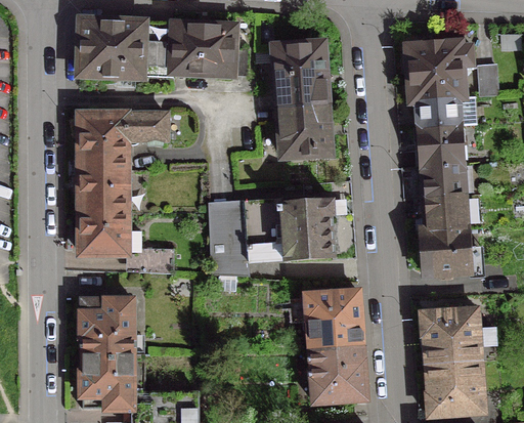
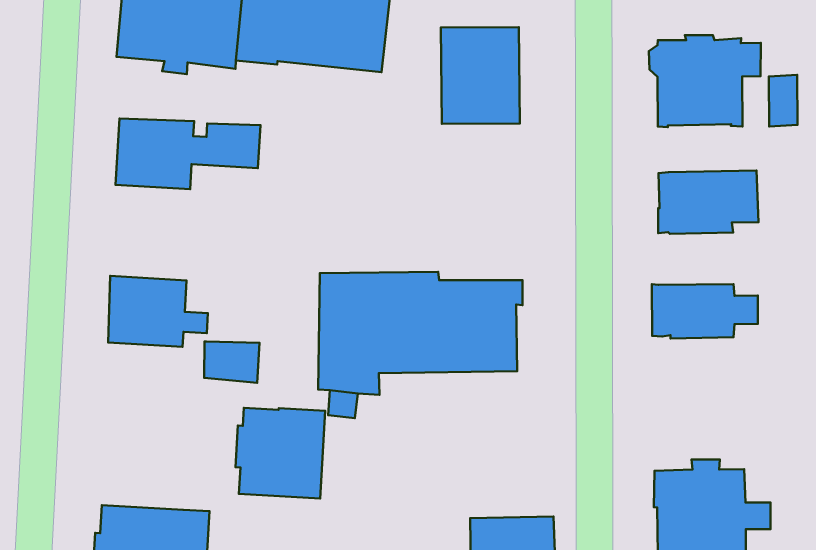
building: [417,96,477,128] -> none
building: [277,103,329,156] -> none
building: [74,156,126,212] -> none
building: [416,163,463,198] -> none
building: [421,227,468,274] -> none
building: [305,291,360,348] -> none
building: [79,299,132,353] -> [235,408,325,499]

